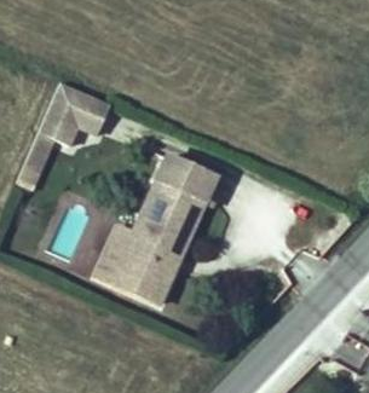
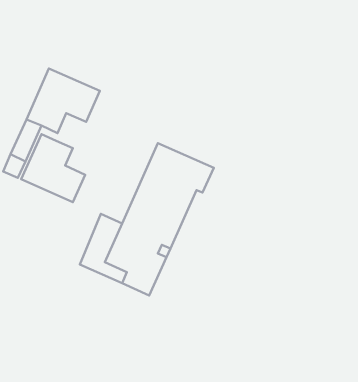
building: none -> [21,134,85,202]

